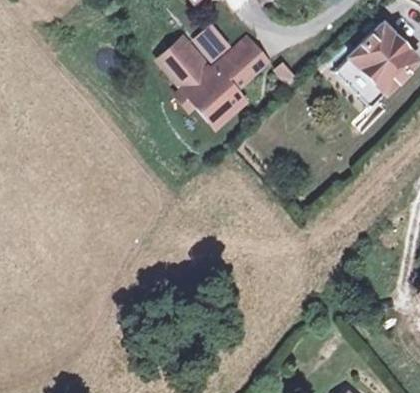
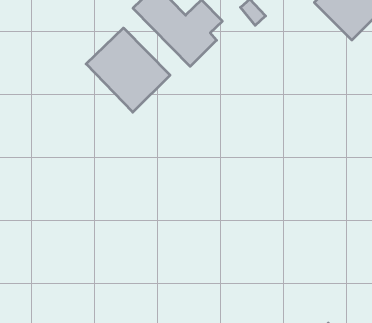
building: none -> [86,28,170,112]

